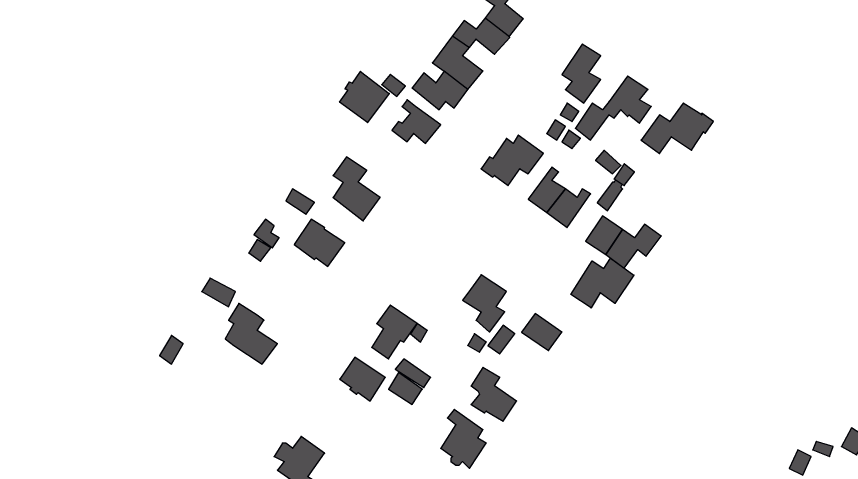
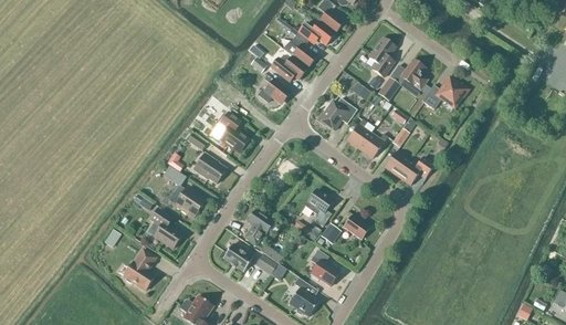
building: [340,71,389,123] -> none
building: [571,258,634,308] -> none
building: none -> [169,185,206,217]
building: none -> [124,249,156,290]

